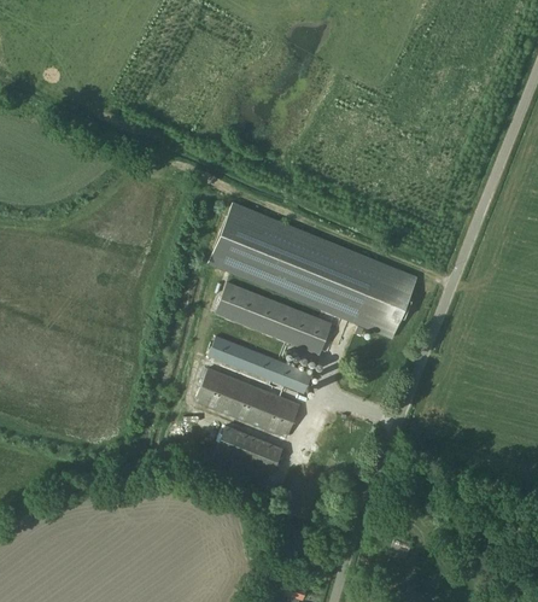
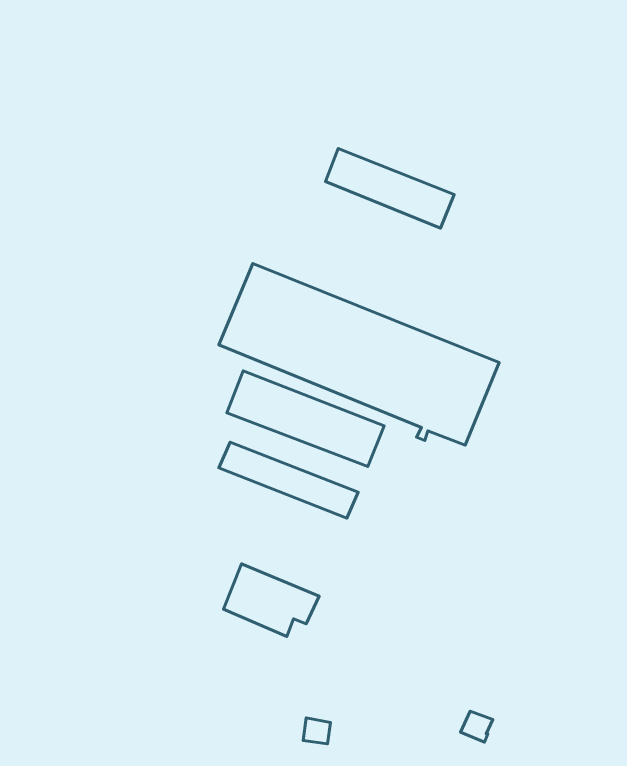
building: none -> [325,149,454,228]
building: [195,368,300,436] -> none

